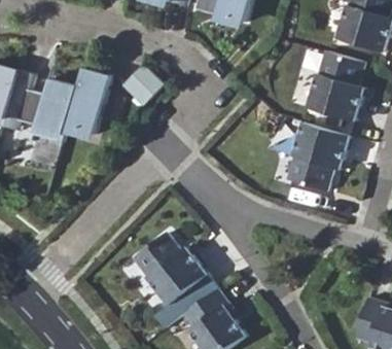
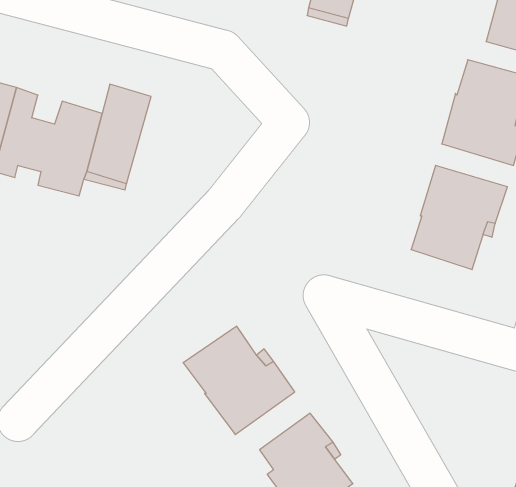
building: [123,67,164,107] -> none

